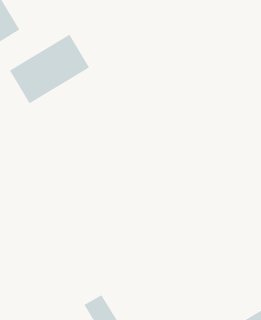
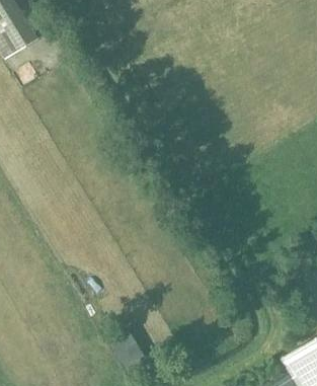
building: [9,34,90,104] -> none

